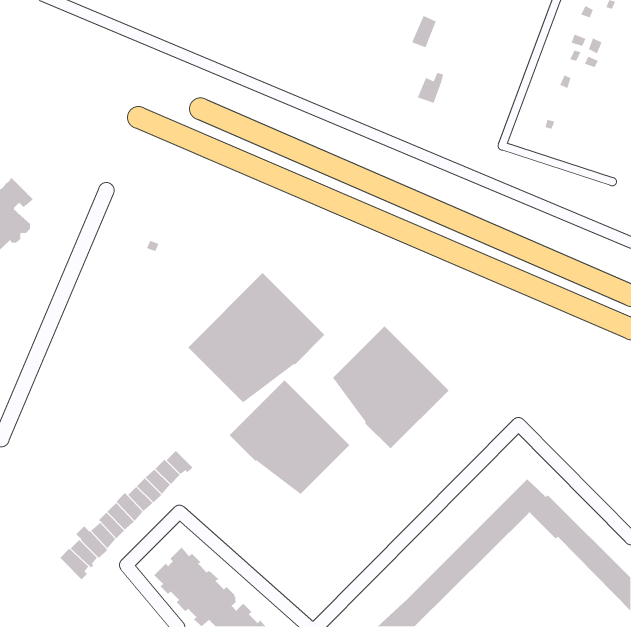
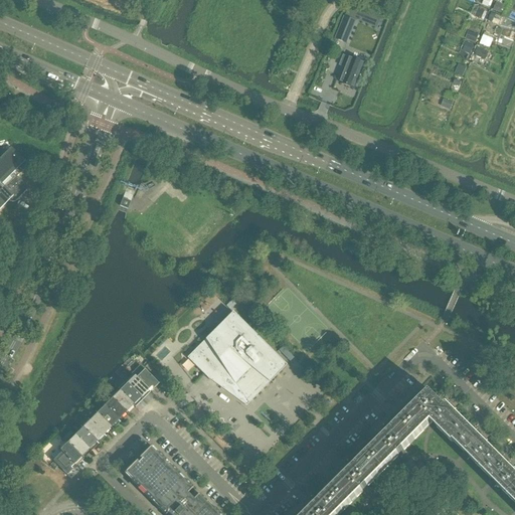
building: [187,272,325,403] -> none
building: [332,326,450,449] -> none

